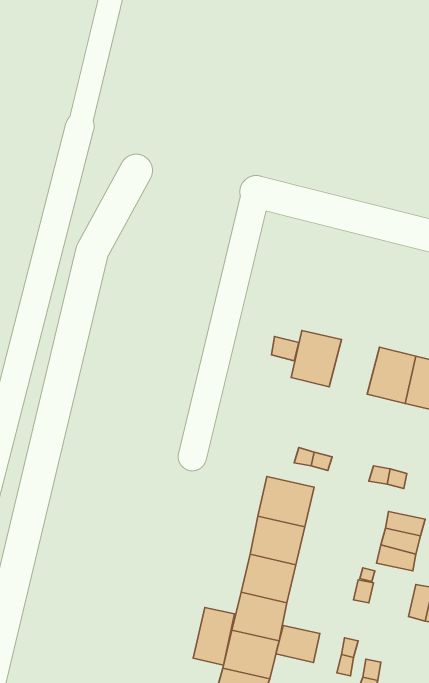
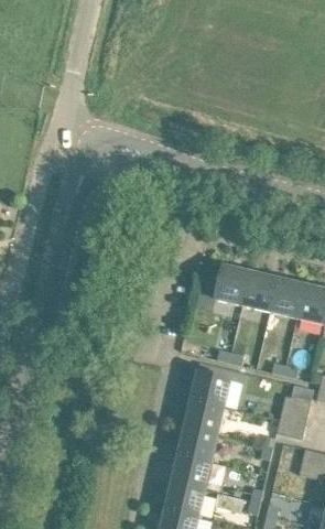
building: none -> [242,271,279,311]
building: [193,608,234,665] -> none
building: [276,626,320,662] -> none

